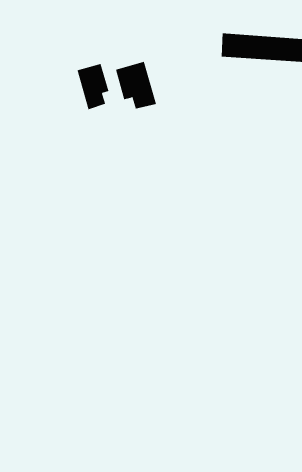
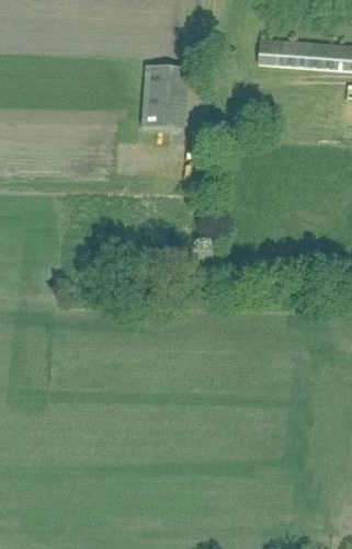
building: [77,63,109,110] -> none

